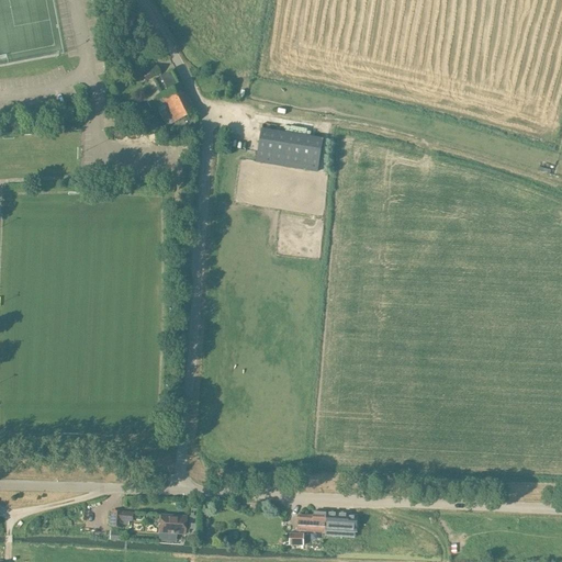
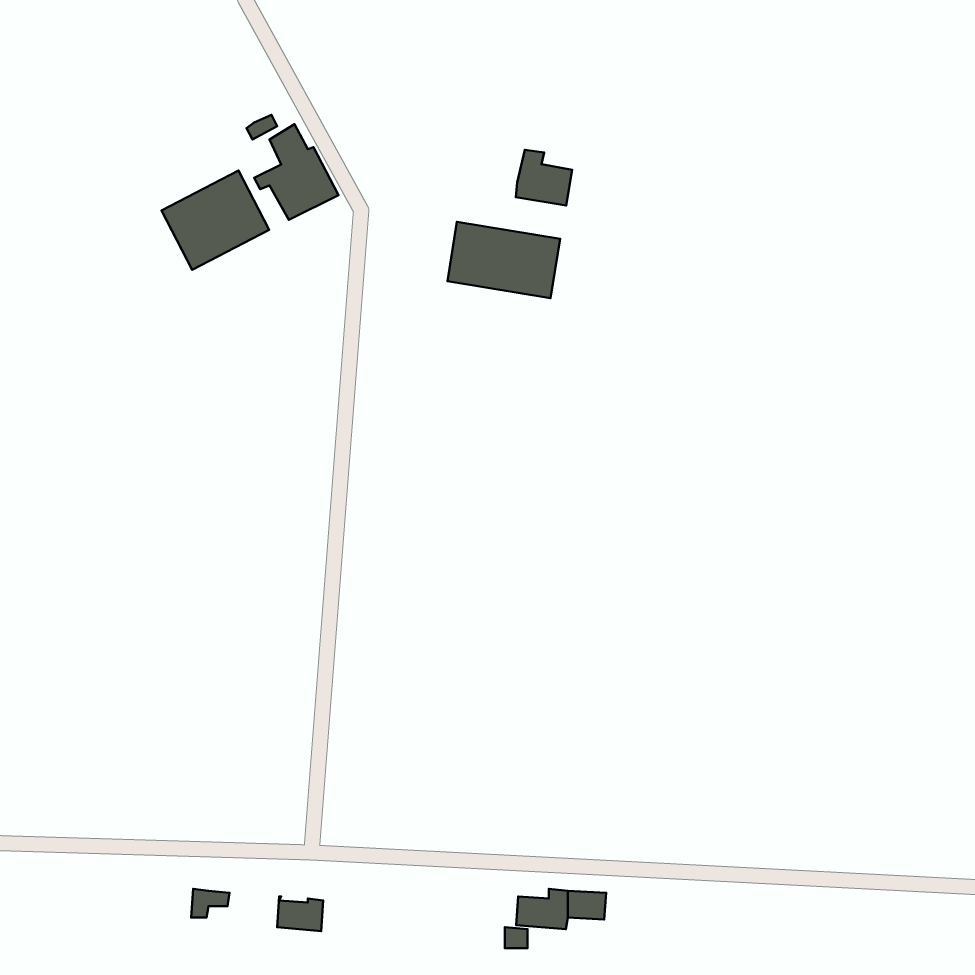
building: none -> [516,150,572,205]
building: none -> [162,171,269,270]

